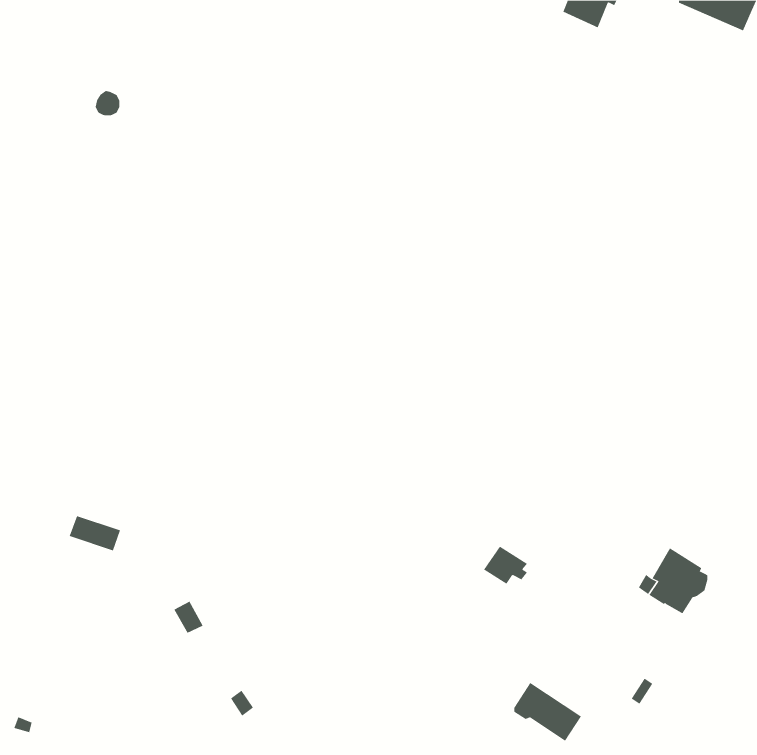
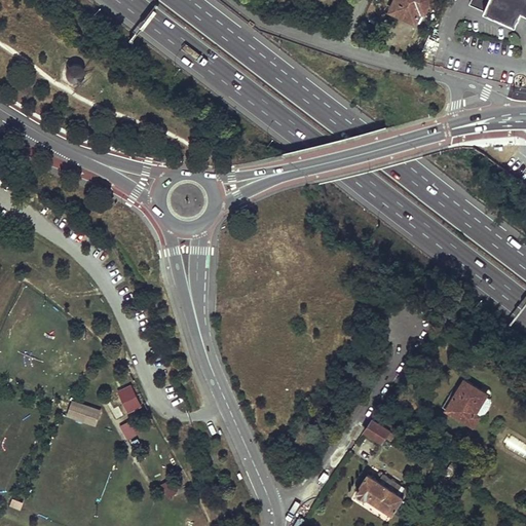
building: [69,515,121,551] -> [65,402,101,426]
building: [483,546,528,584] -> [364,416,394,443]
building: none -> [117,384,142,413]

